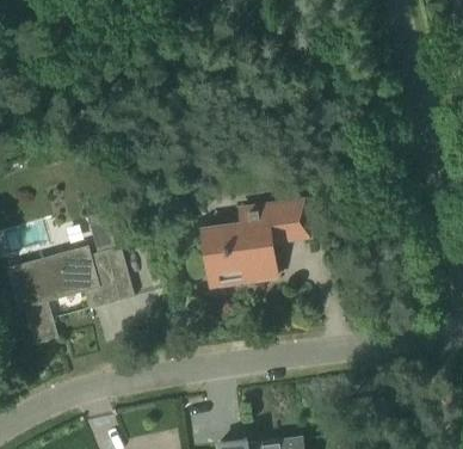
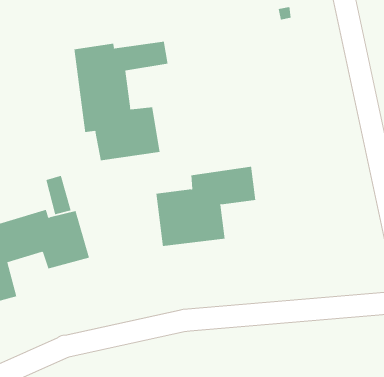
building: none -> [74,41,168,161]

